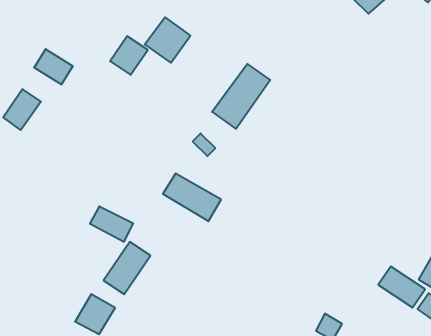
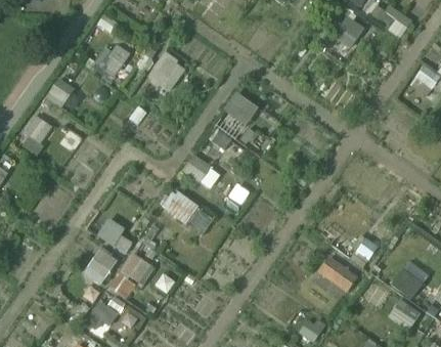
building: [110,36,148,75] -> [98,42,132,77]
building: none -> [84,248,119,285]
building: [378,266,425,308] -> [317,255,359,292]

